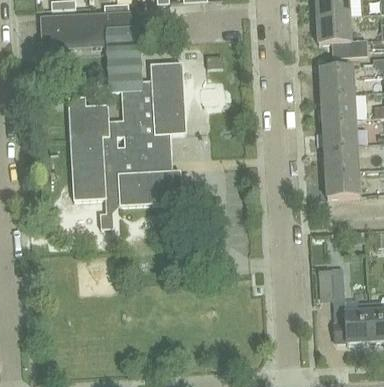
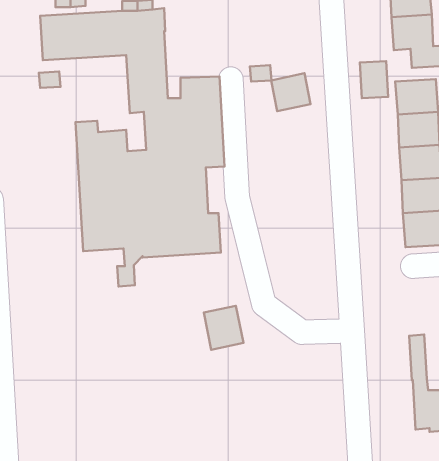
building: none -> [360,61,388,98]
building: none -> [271,73,311,111]
building: none -> [204,306,243,350]

